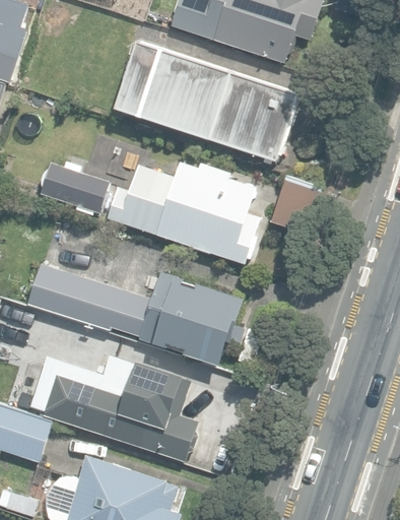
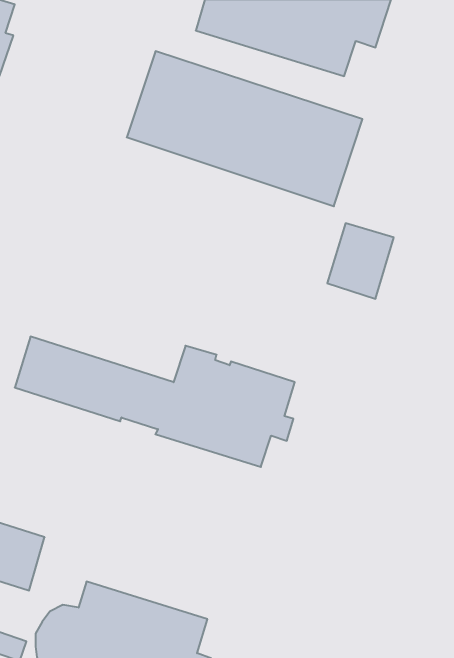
building: [105,157,263,265] -> none
building: [40,160,109,215] -> none
building: [28,349,198,461] -> none

